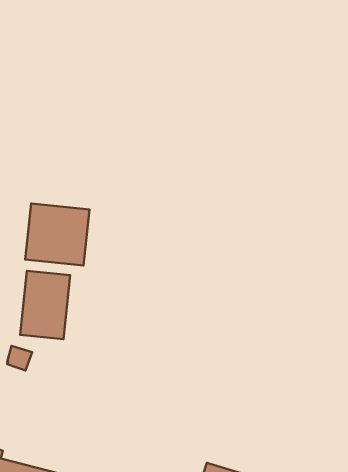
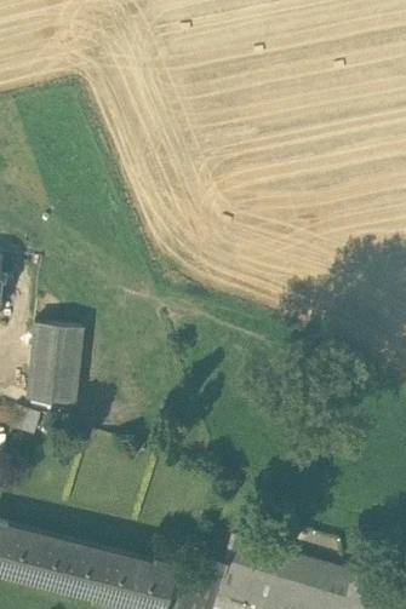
building: [25,204,89,265] -> none

